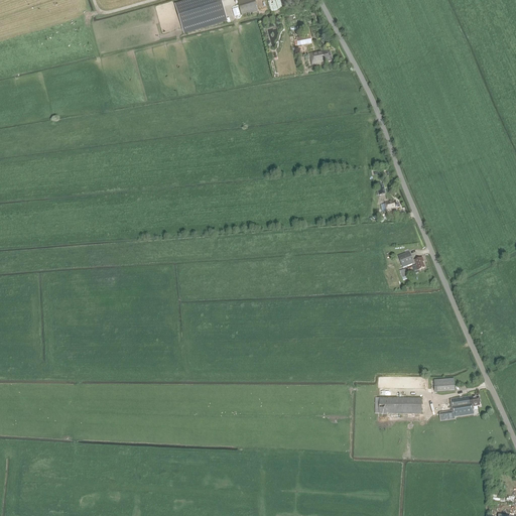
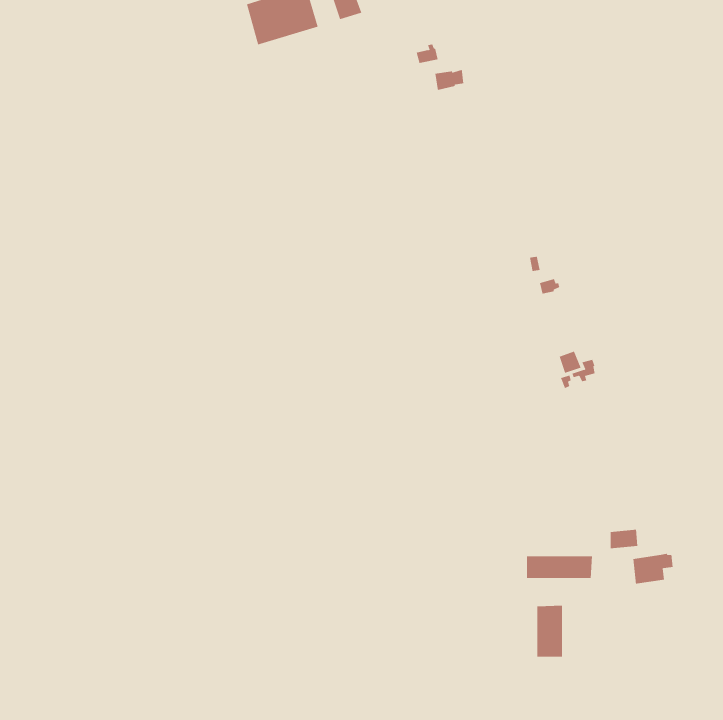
building: none -> [537,605,563,657]

